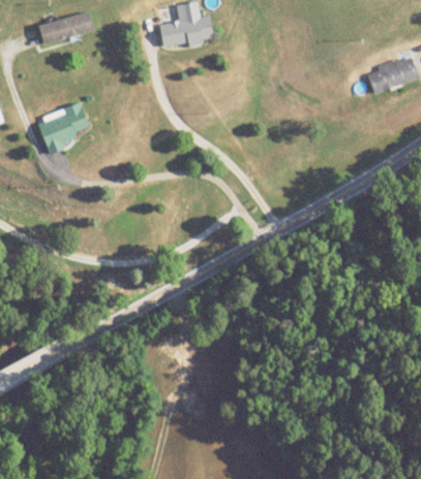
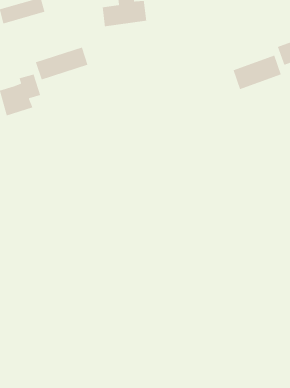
building: none -> [35,47,89,81]
building: none -> [232,55,282,90]

